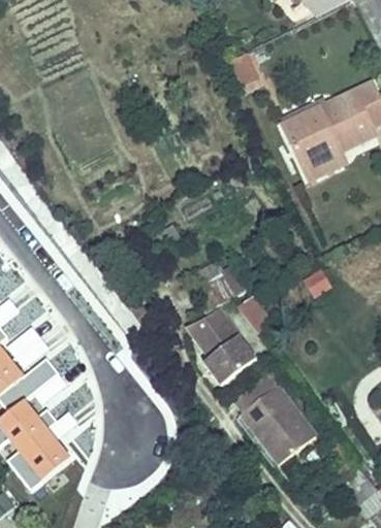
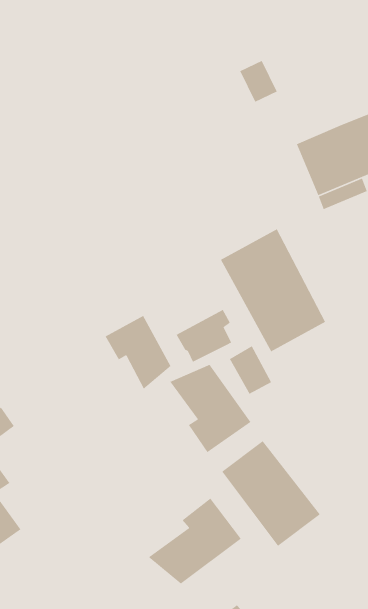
building: none -> [220,228,326,352]
building: none -> [105,315,171,390]
building: none -> [148,498,242,584]

